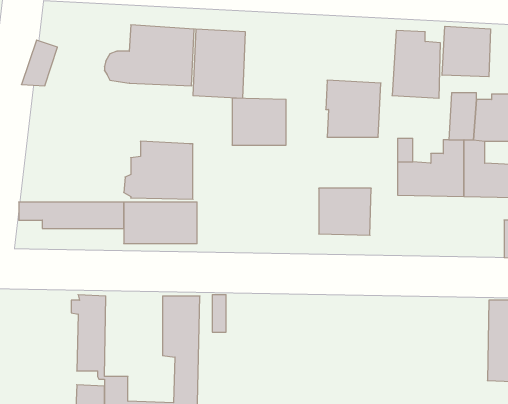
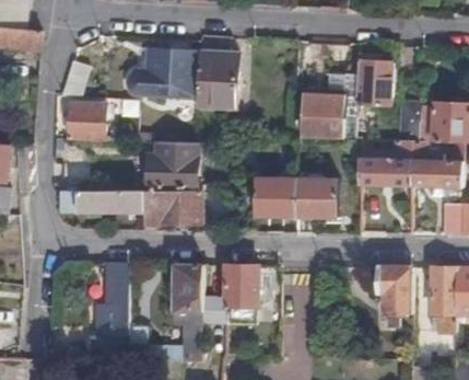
building: [442,26,490,77] -> none
building: none -> [67,104,104,139]
building: [232,98,286,145] -> [253,177,295,215]
building: none -> [224,264,256,323]
building: none -> [376,266,411,327]

